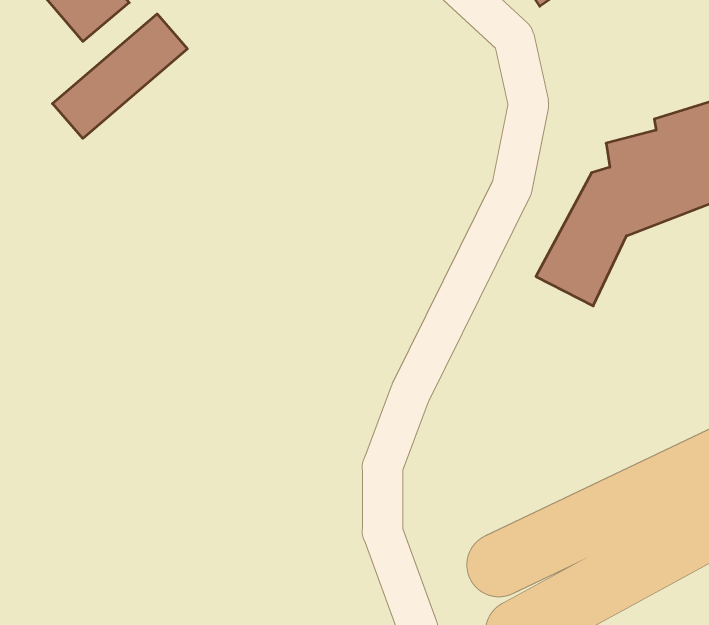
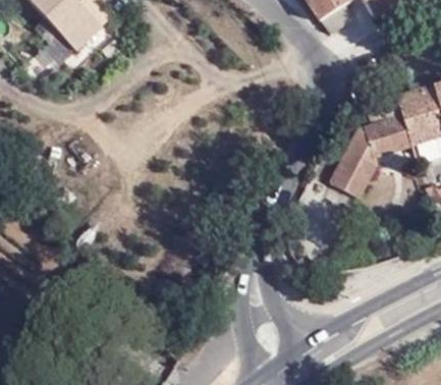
building: [52,14,187,138] -> none

